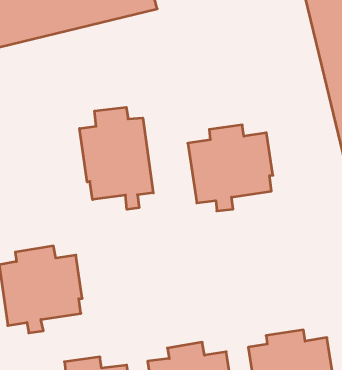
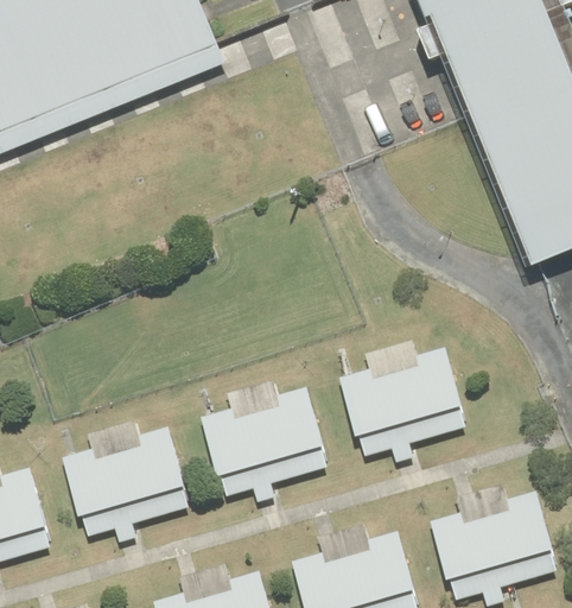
building: [80,107,153,209] -> none
building: [188,125,273,211] -> [337,341,464,467]
building: none -> [198,380,325,504]

